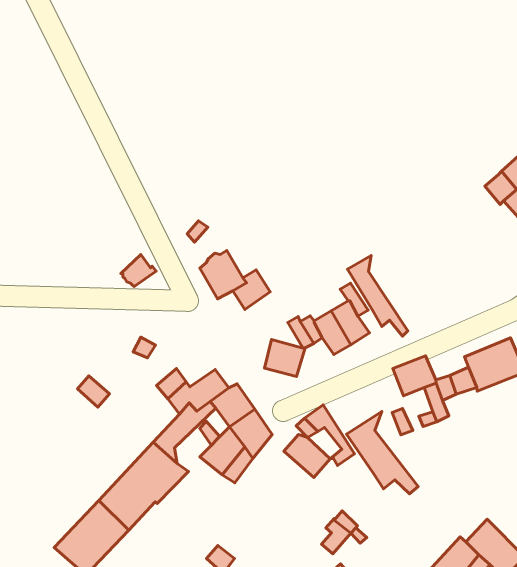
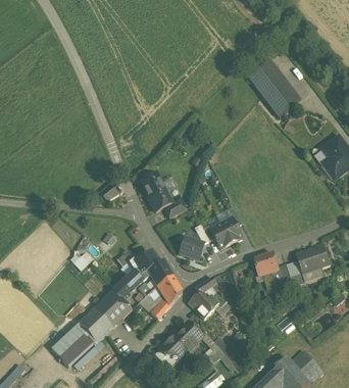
building: none -> [248,59,302,117]
building: [347,255,408,336] -> none
building: [347,412,418,494] -> none
building: none -> [163,324,201,357]

